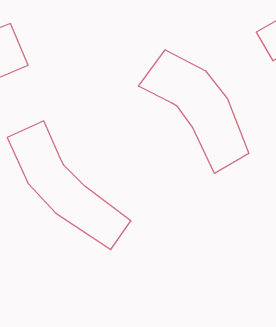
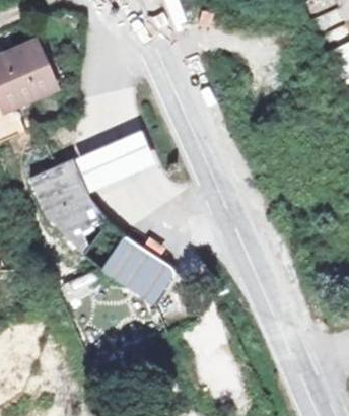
building: [139,50,249,173] -> none
building: none -> [74,131,158,200]

